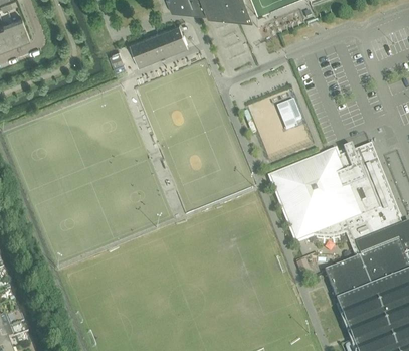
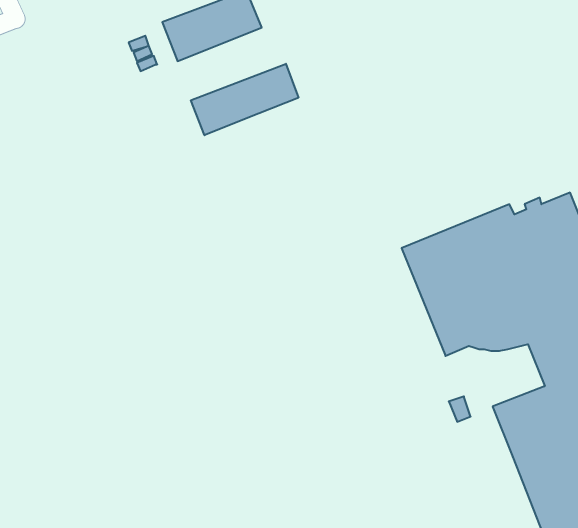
building: none -> [191,64,298,135]

